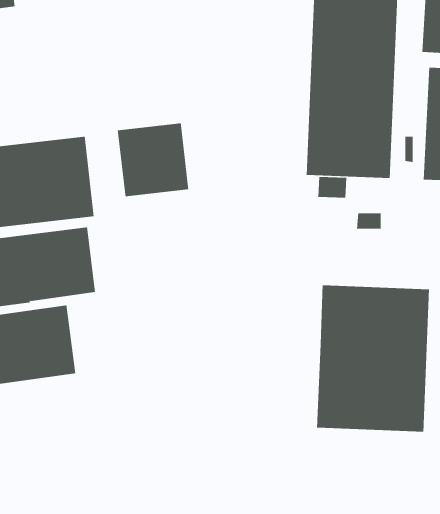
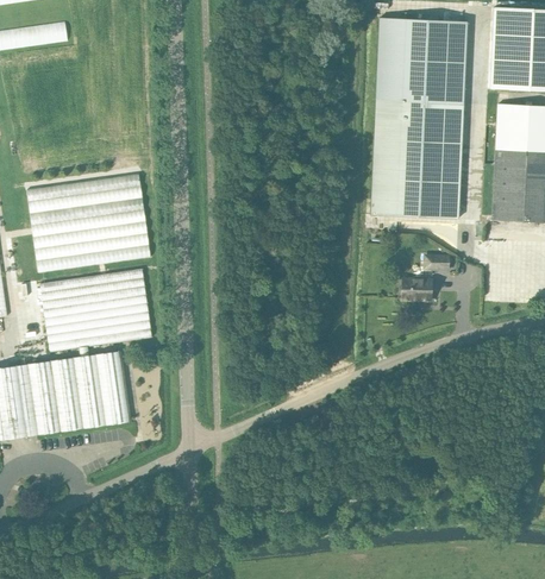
building: [117,122,189,197] -> none
building: [317,177,347,198] -> [400,278,431,301]
building: [317,284,429,433] -> none

